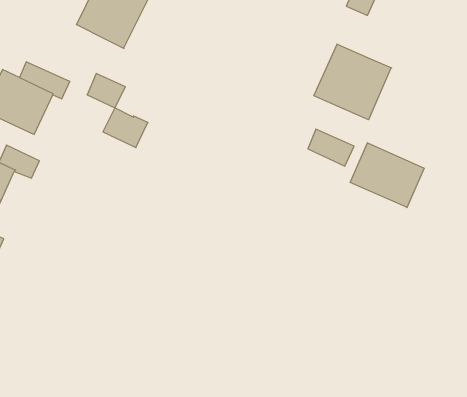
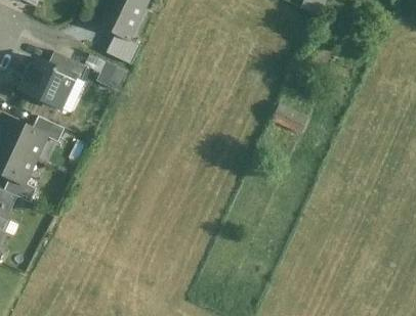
building: [314,44,392,120] -> none
building: [103,108,148,148] -> [106,34,140,64]
building: [350,143,424,208] -> none

